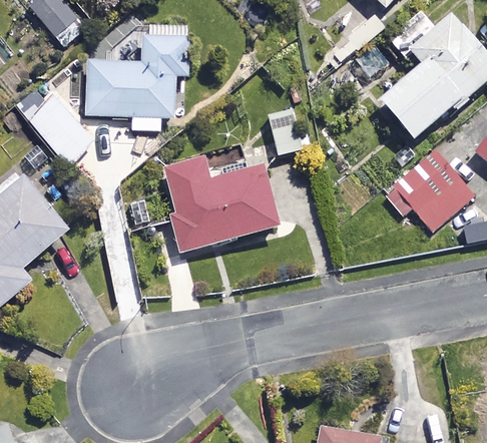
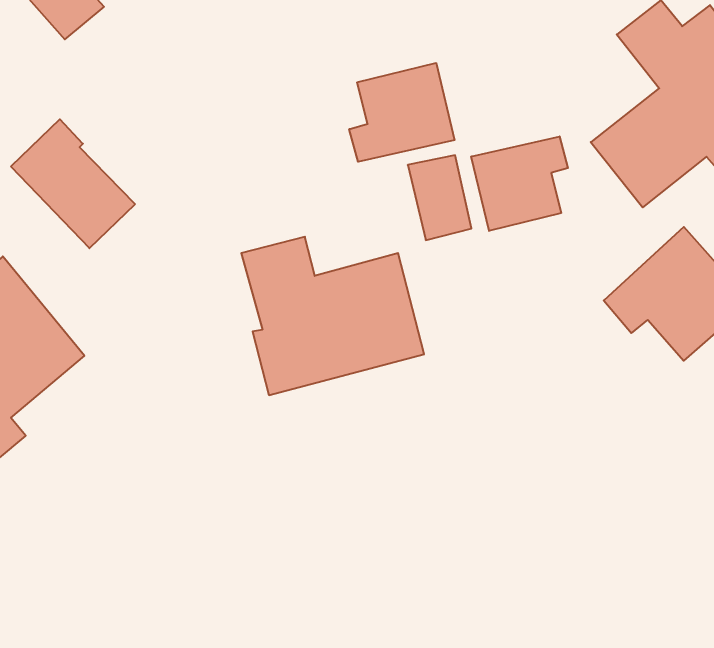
building: [82,38,188,131] -> none
building: none -> [349,63,455,162]
building: none -> [471,136,568,231]

